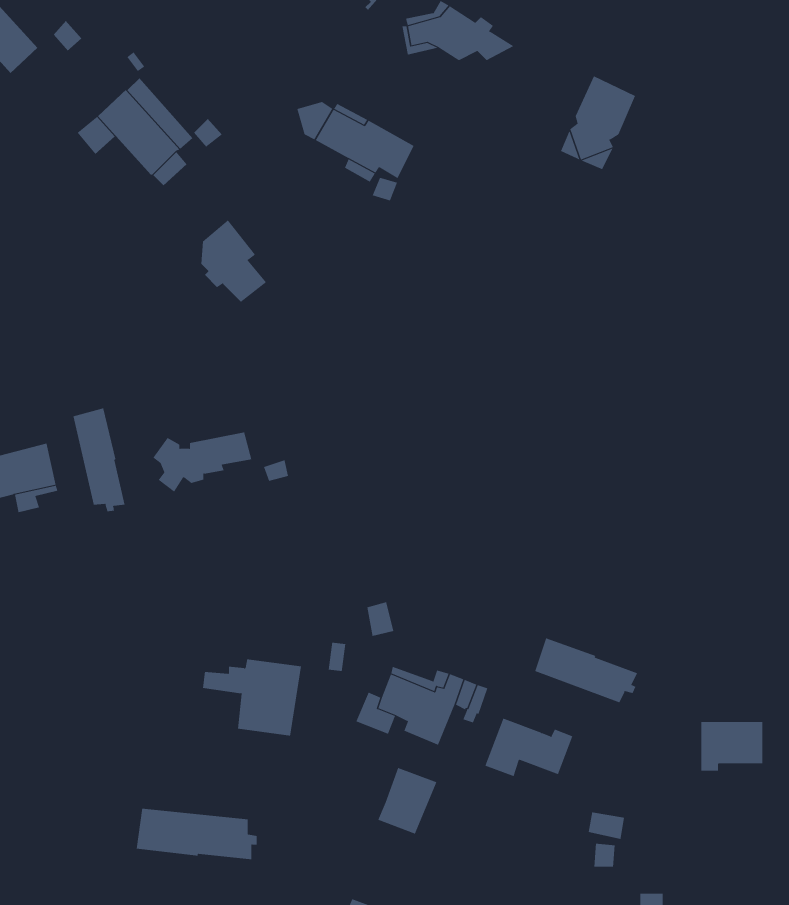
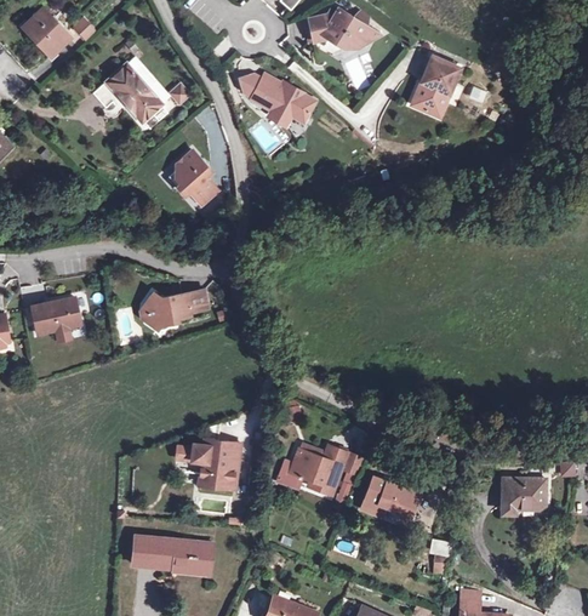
building: [73,408,125,512] -> none
building: [534,638,638,703] -> none
building: [378,767,437,835] -> none

